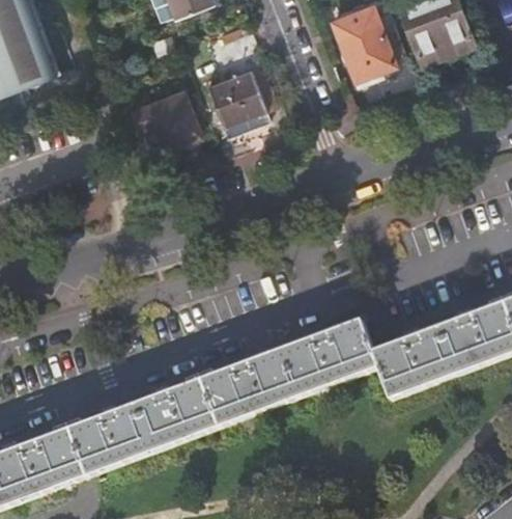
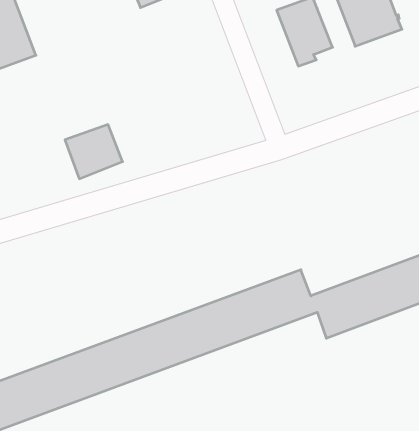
building: [207,66,271,135] -> none
building: [134,89,200,152] -> [65,125,123,179]

